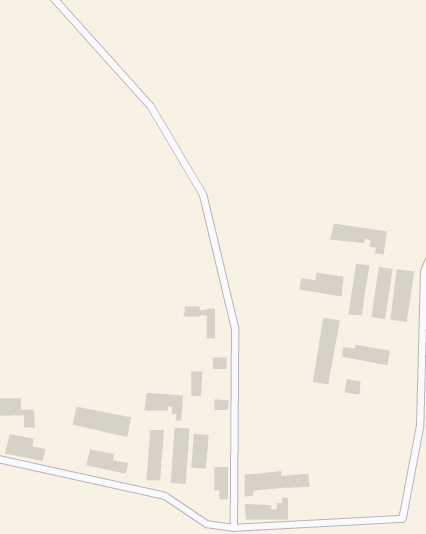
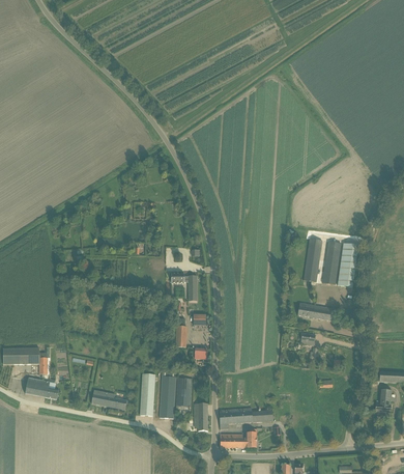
building: [329,223,388,255] -> none
building: [299,272,344,297] -> none
building: [312,317,341,385] -> none
building: [144,392,184,421] -> none
building: [72,406,132,438] -> none

